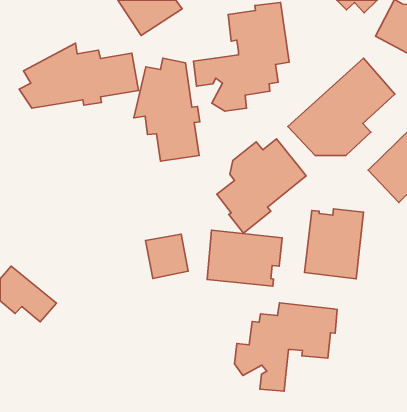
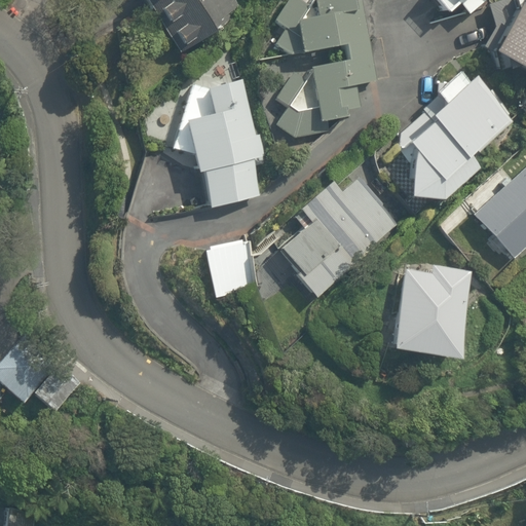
building: [19,43,138,108] -> none
building: [207,230,282,286] -> none
building: [146,234,188,278] -> [206,239,261,296]
building: [235,303,337,391] -> none

